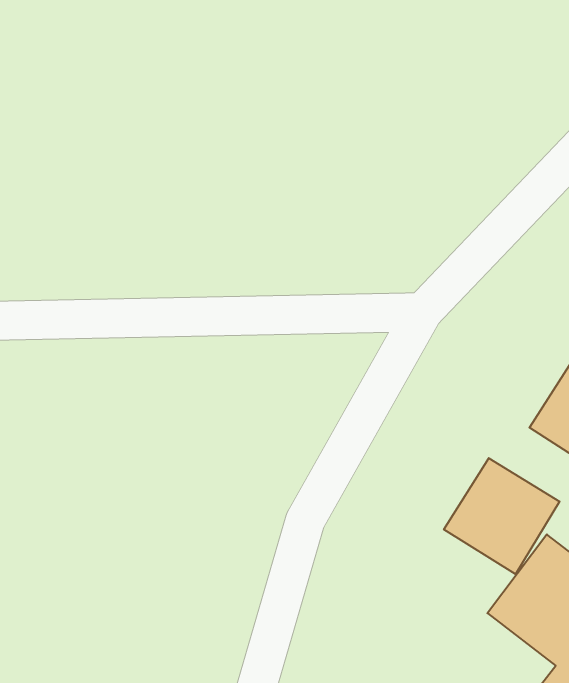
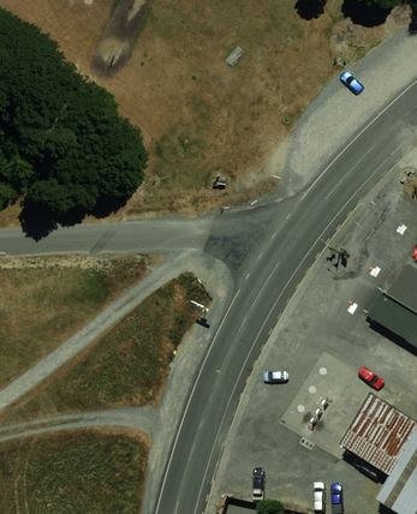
building: [444,458,560,574] -> none

